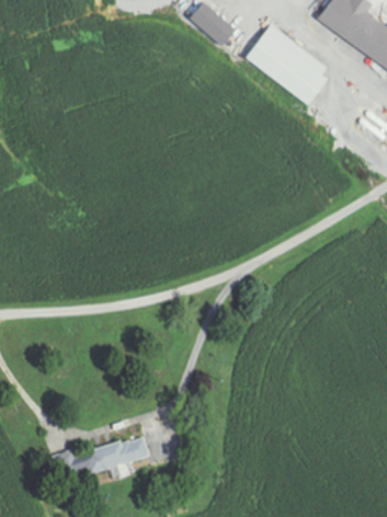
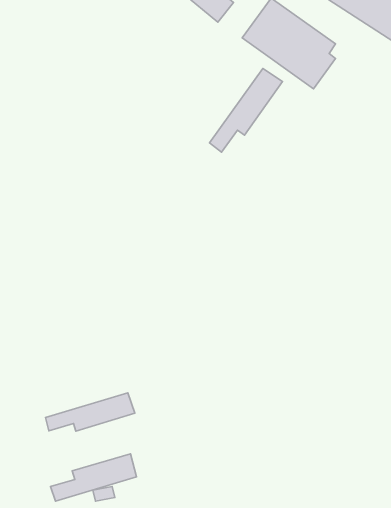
building: none -> [209,68,283,152]
building: none -> [45,393,135,431]

